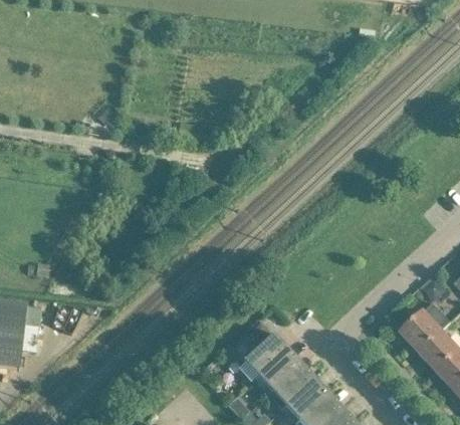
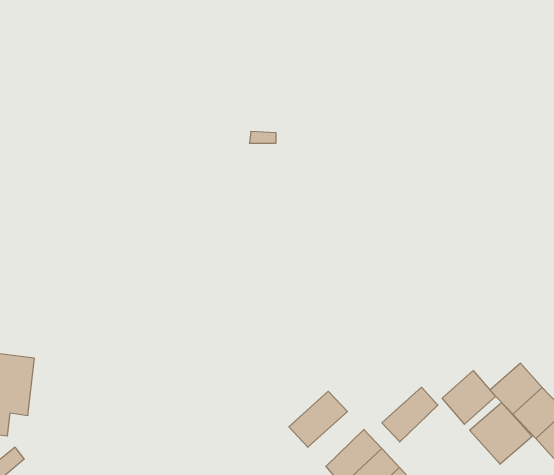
building: none -> [442,371,496,424]
building: none -> [470,402,532,464]
building: [257,350,301,393] -> [382,387,438,442]

